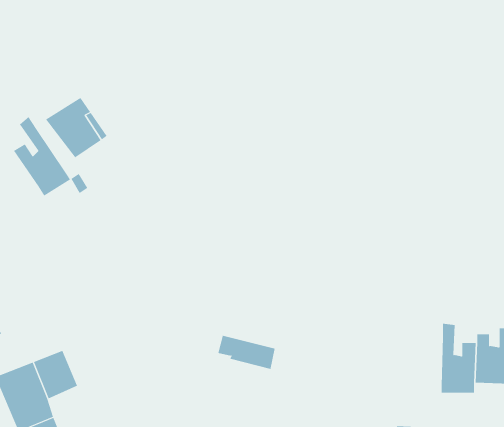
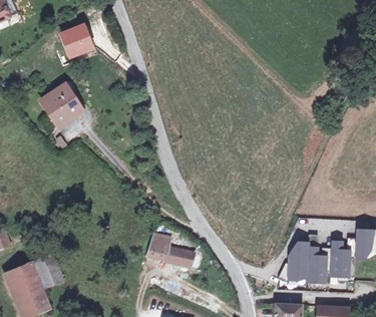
building: none -> [59,24,90,55]
building: [13,116,71,197] -> none
building: none -> [277,245,306,283]

